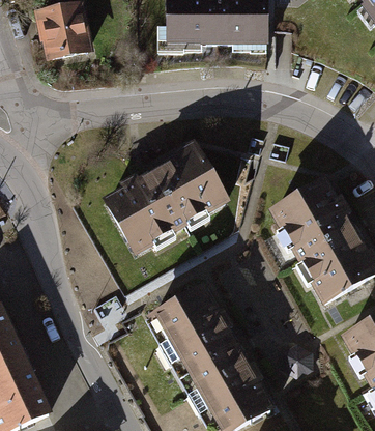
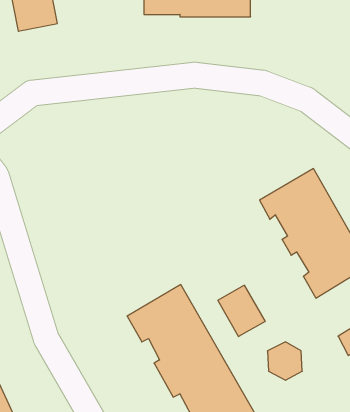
building: [108,150,226,252] -> none
building: none -> [218,285,265,337]

